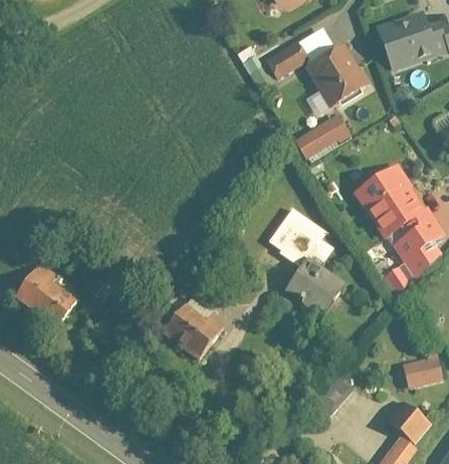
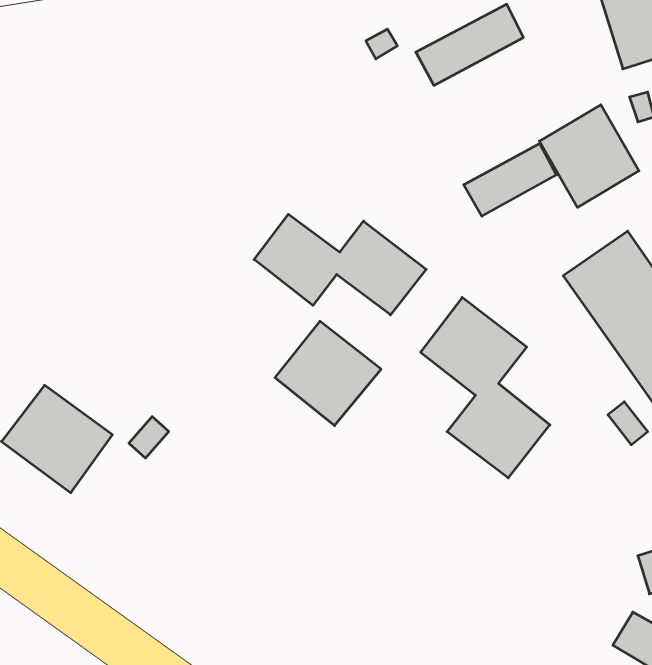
building: [309,46,370,108] -> [539,105,639,207]
building: none -> [254,214,426,315]
building: [165,299,229,363] -> [275,321,381,426]
building: [314,375,355,416] -> none

